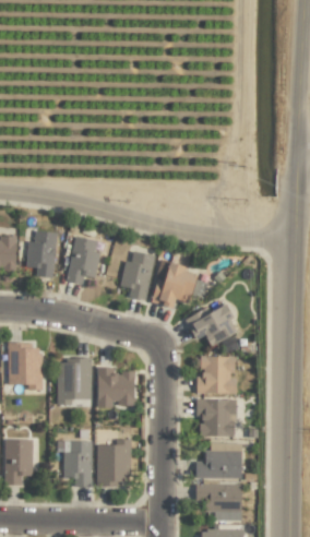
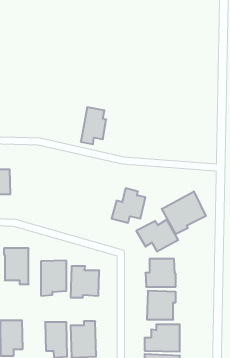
building: [27,230,57,277] -> none
building: [67,235,100,284] -> [81,107,106,144]
building: [121,249,156,300] -> none
building: none -> [162,191,206,234]

